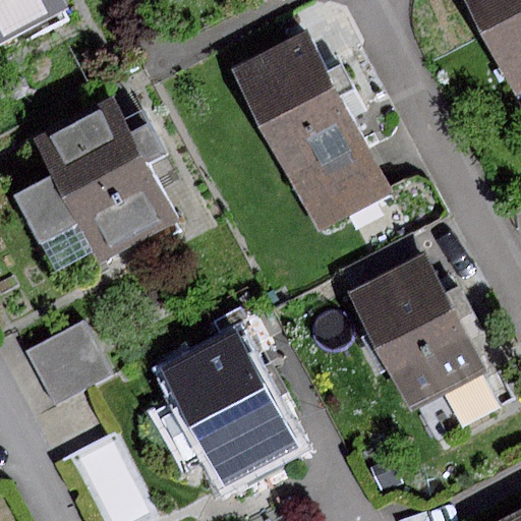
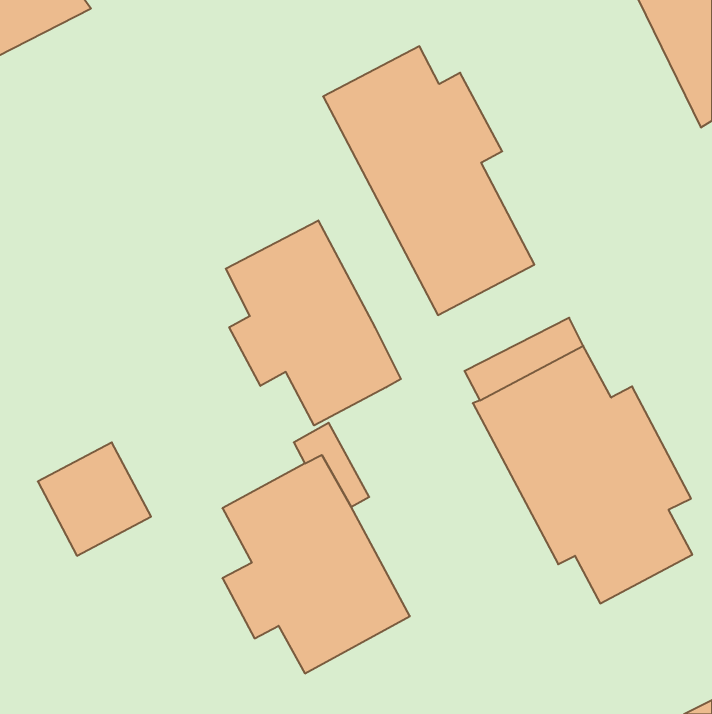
building: [14,99,178,267] -> none
building: none -> [226,220,401,425]

